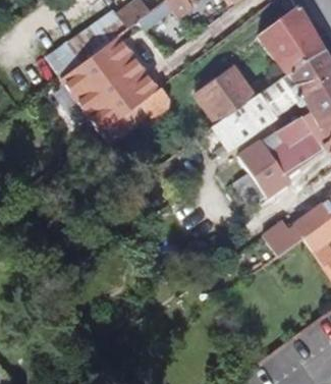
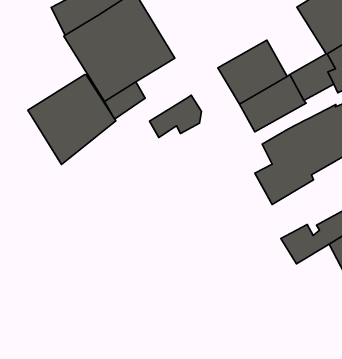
building: [126,87,170,125] -> [150,95,202,137]
building: none -> [28,74,116,165]

